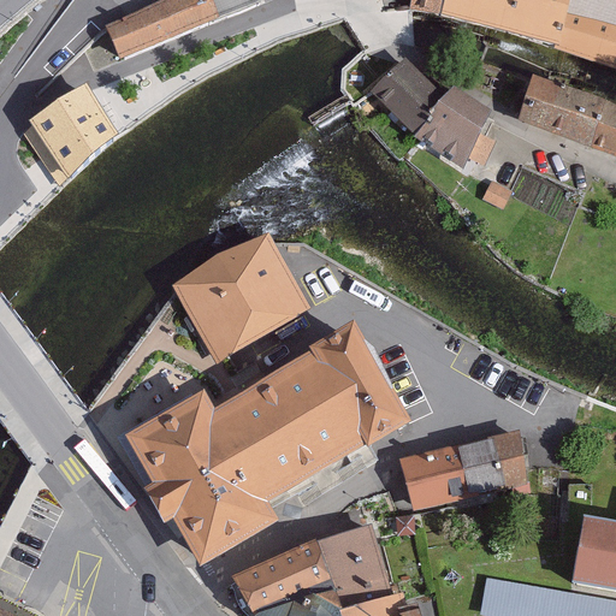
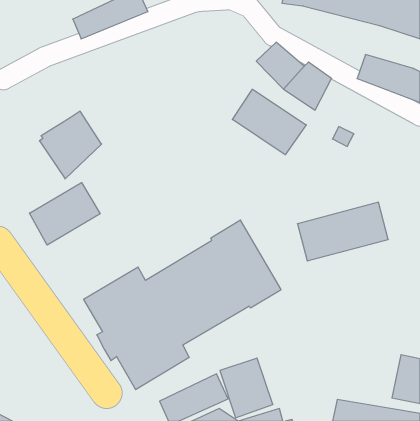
building: [26,84,117,183] -> [39,111,102,179]
building: none -> [232,89,306,155]
building: [170,232,308,362] -> none
building: none -> [29,183,100,245]
building: [402,428,534,514] -> [297,202,388,261]

